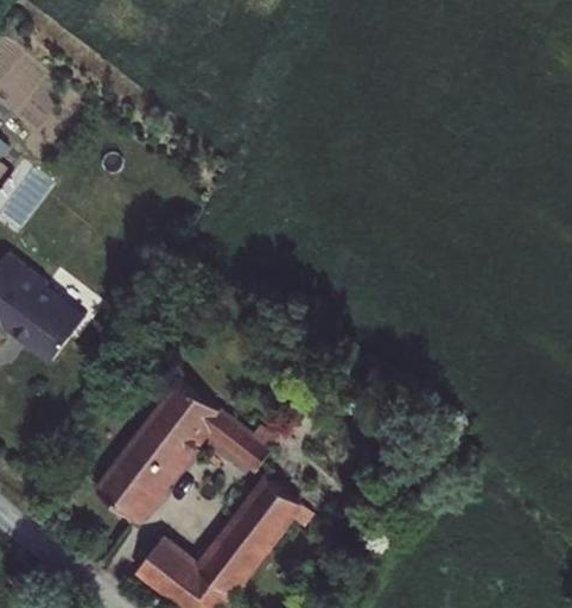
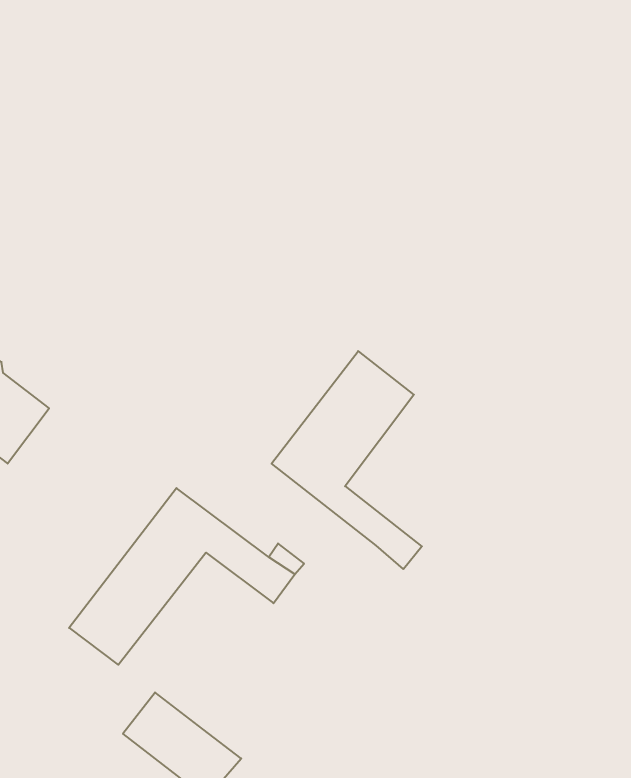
building: none -> [272,351,422,569]
building: [199,481,295,591] -> none

